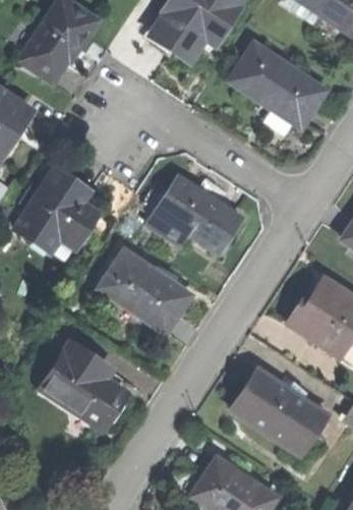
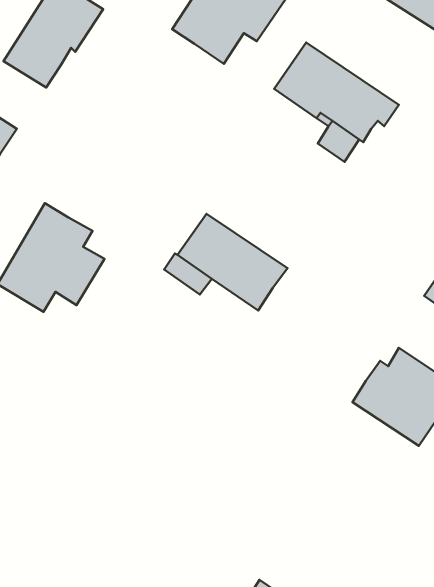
building: [100,250,190,328] -> none
building: [44,342,128,427] -> none
building: [234,367,331,455] -> none

